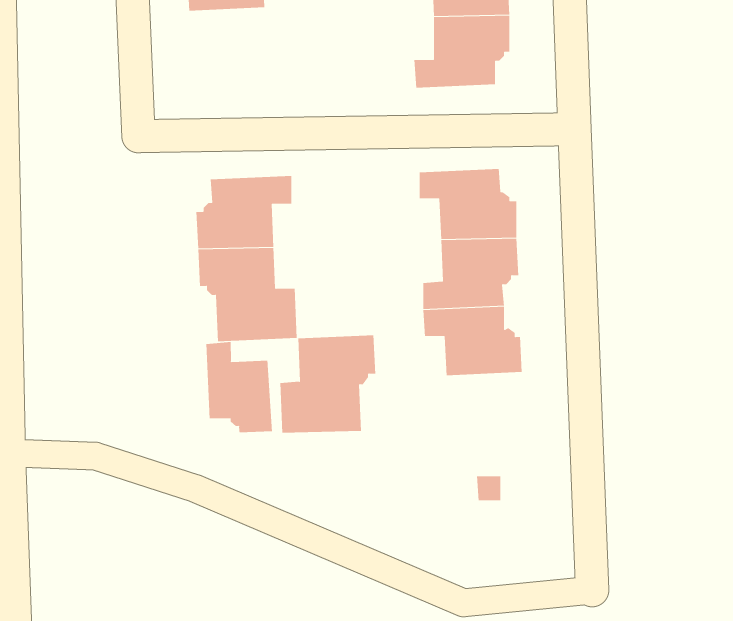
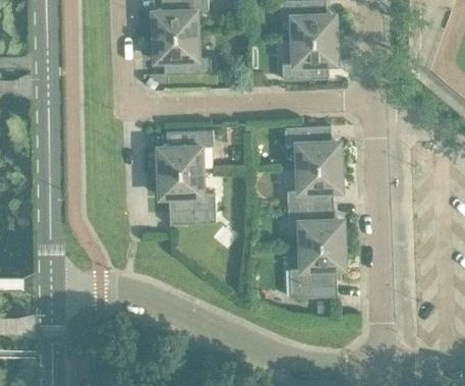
building: none -> [152,34,209,74]
building: [280,335,376,433] -> [288,241,343,297]
building: [206,341,273,433] -> none

